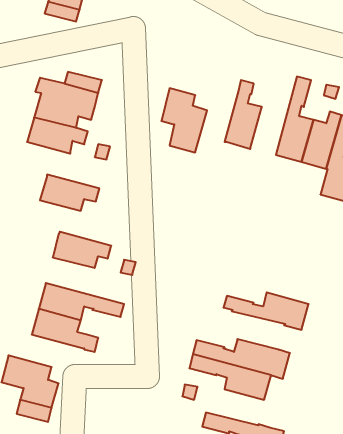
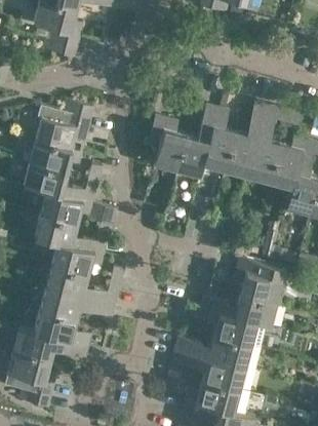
building: none -> [225,102,266,173]
building: none -> [176,105,216,178]
building: none -> [23,162,95,203]
building: none -> [34,214,106,254]
building: none -> [232,257,282,305]
building: none -> [45,264,117,305]
building: none -> [198,308,255,345]
building: none -> [12,327,88,360]
building: none -> [186,380,248,414]

